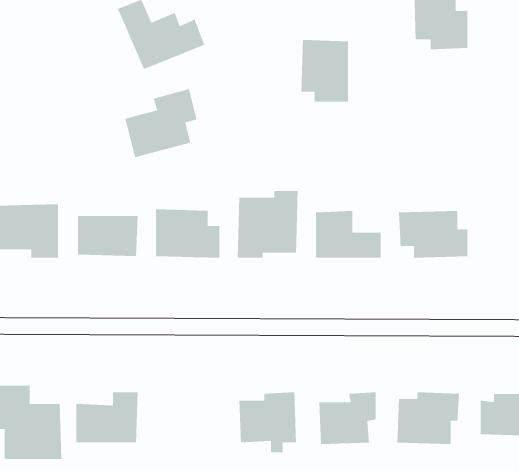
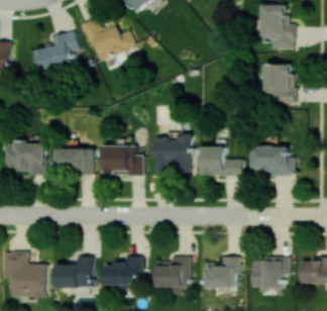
building: [301,39,349,103] -> [263,65,293,103]
building: [124,88,198,158] -> [33,31,78,74]
building: none -> [105,256,141,286]

